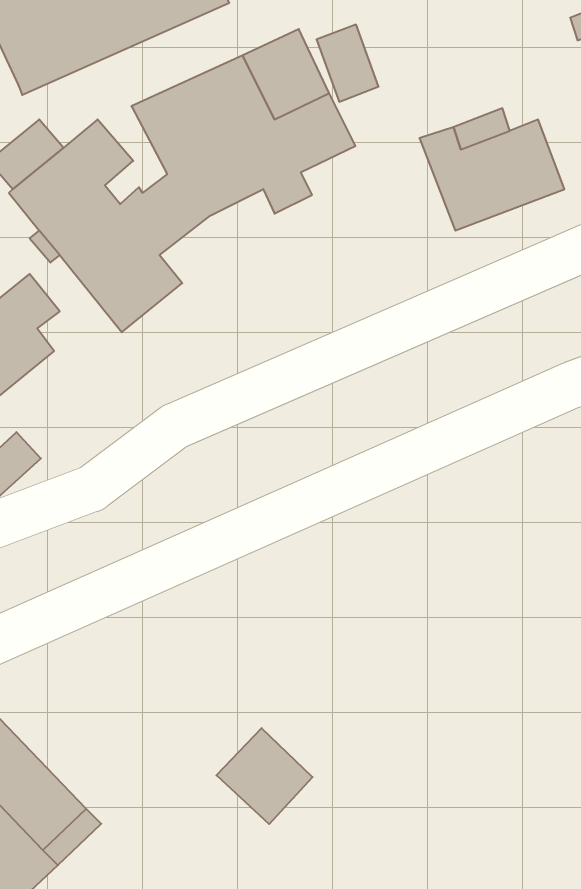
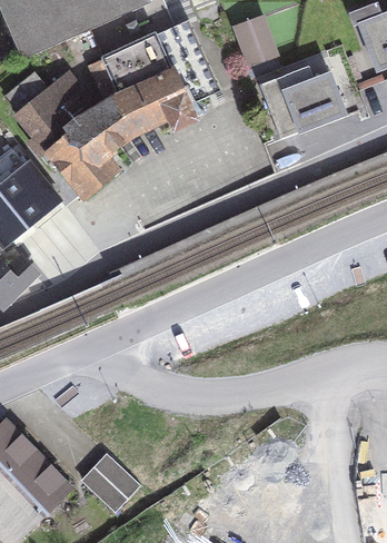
building: [316,25,379,102] -> [237,18,274,63]
building: [216,728,313,824] -> [83,455,140,512]

